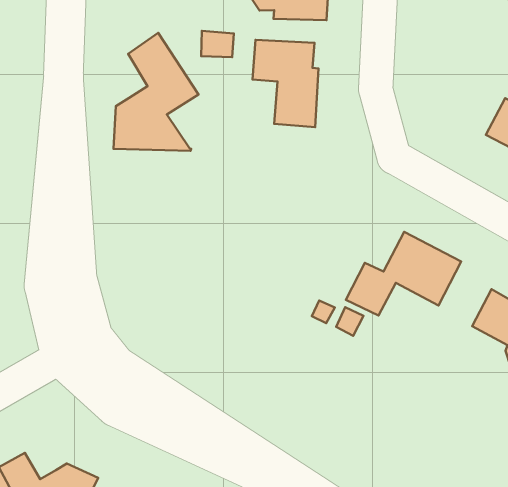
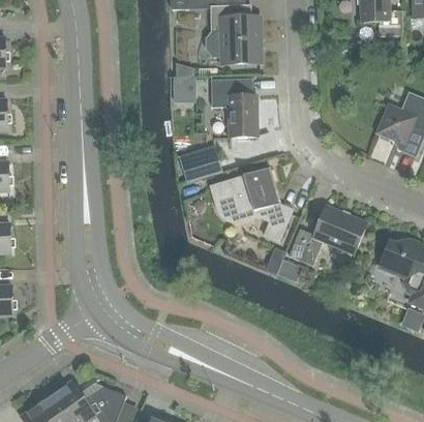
building: [114,33,198,151] -> none
building: none -> [192,148,222,177]
building: none -> [210,168,293,241]

